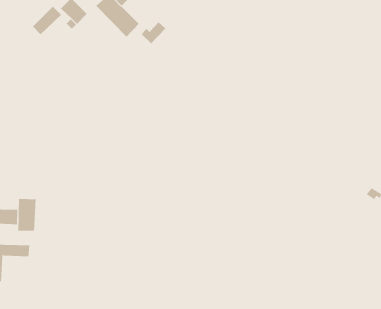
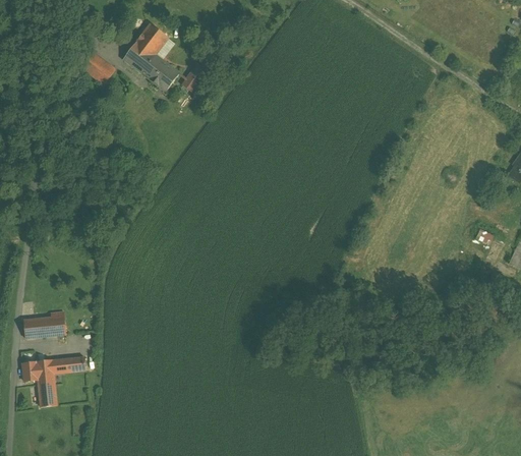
building: [32,6,62,35] -> none
building: [18,198,36,232] -> none

